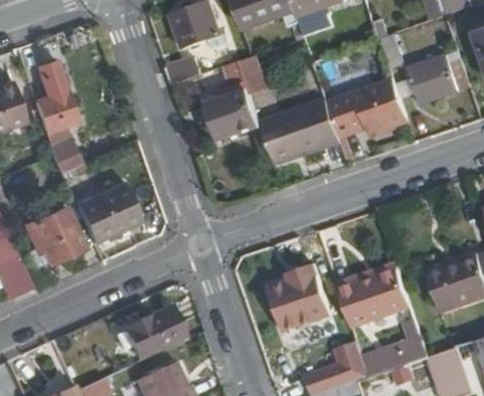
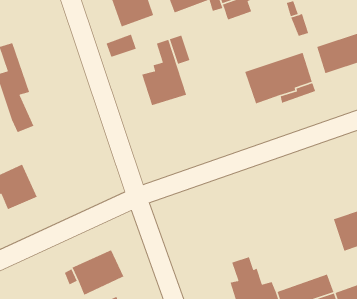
building: [258,97,338,165] -> none
building: [74,179,140,241] -> none
building: [268,263,332,332] -> none
building: [334,265,410,324] -> none

